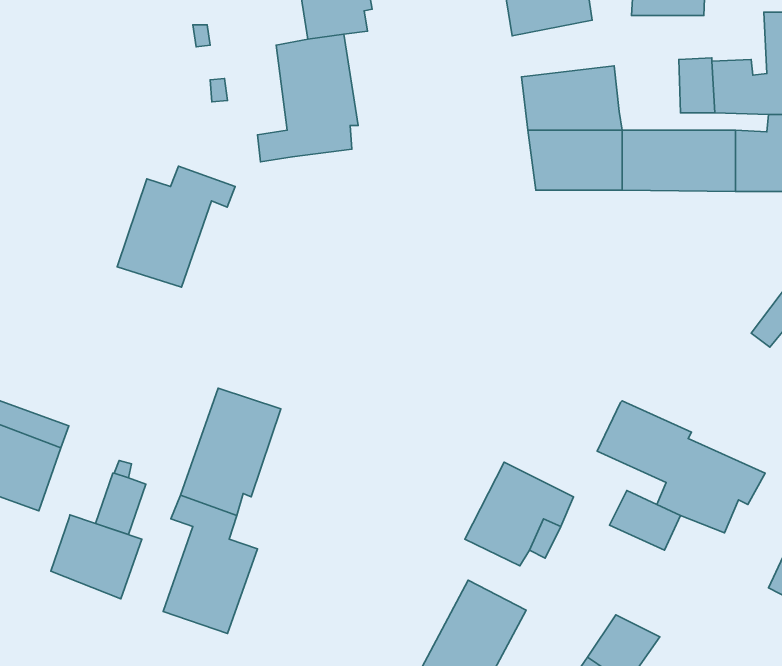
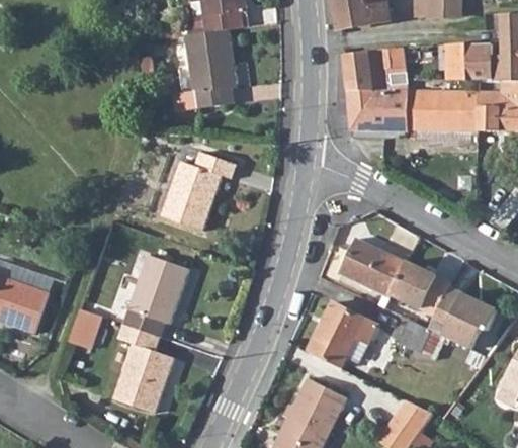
building: [117,166,235,287] -> [161,152,237,230]
building: none -> [340,239,407,297]
building: [51,515,142,599] -> none

